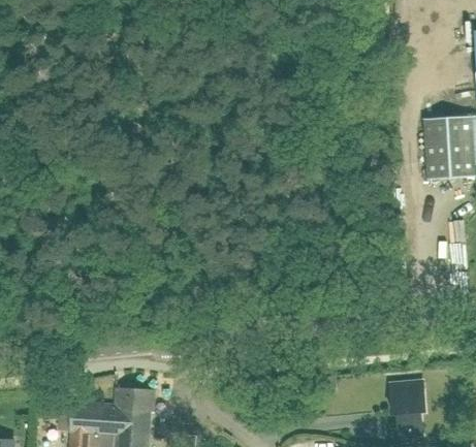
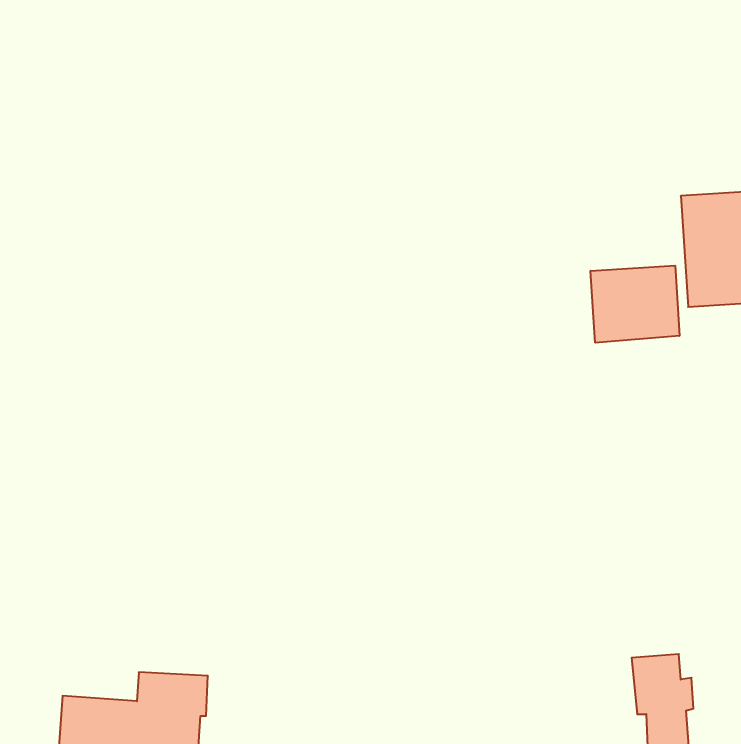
building: none -> [591,266,679,343]

